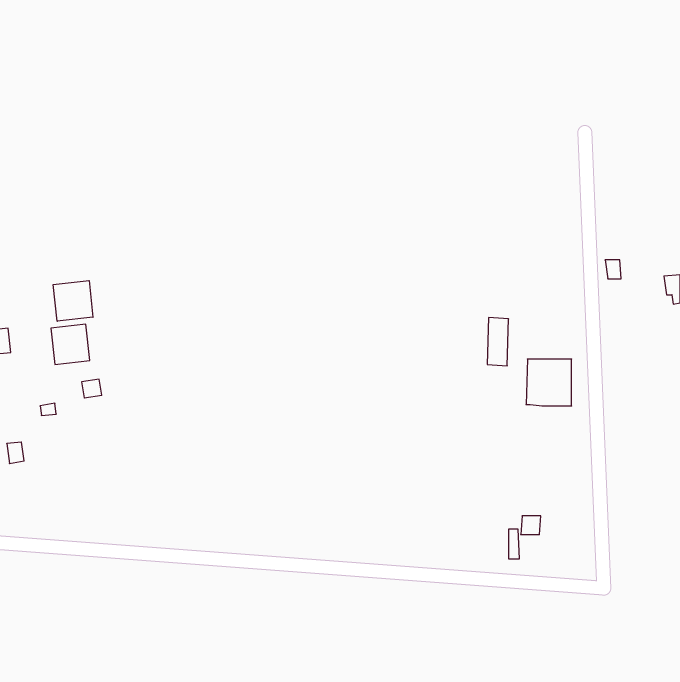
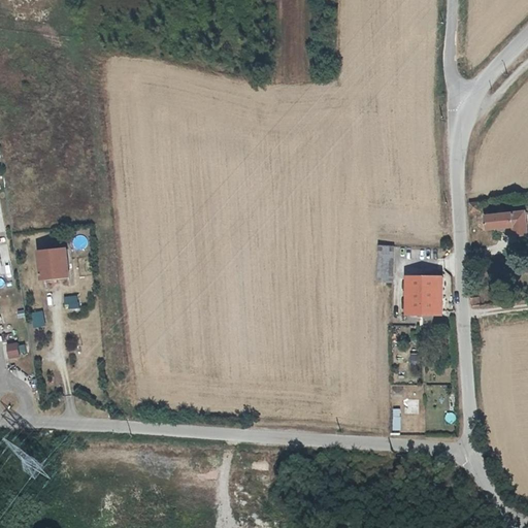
building: none -> [485,209,514,229]
building: [53,281,93,321] -> none

